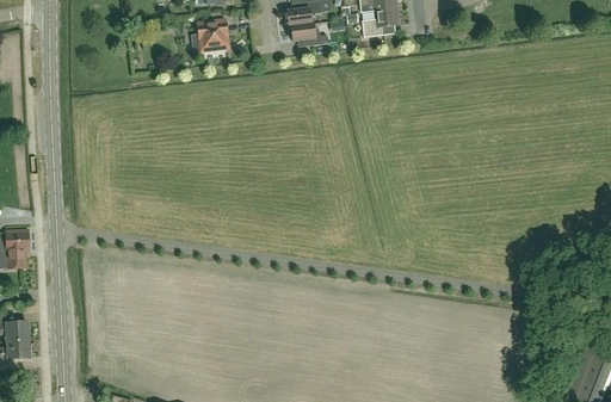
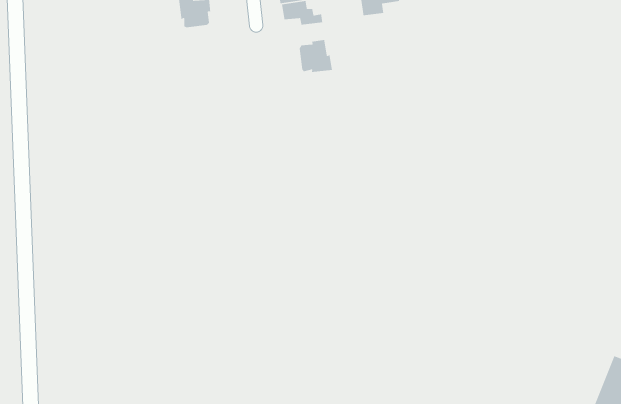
building: none -> [299,39,333,73]

